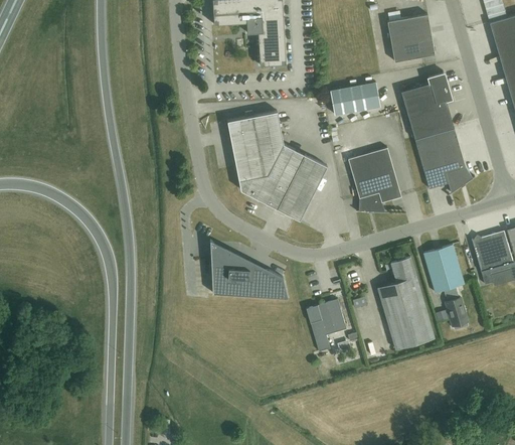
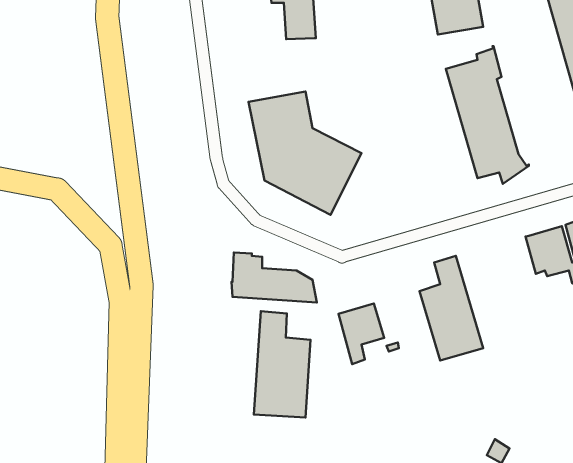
building: [331,83,381,115] -> none
building: [348,148,401,212] -> none
building: [423,245,468,327] -> none
building: none -> [254,311,311,418]

